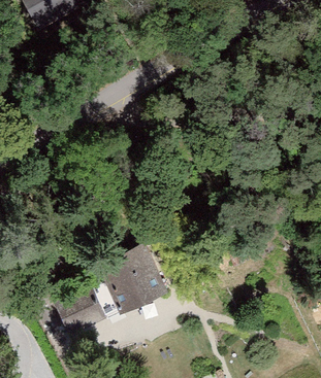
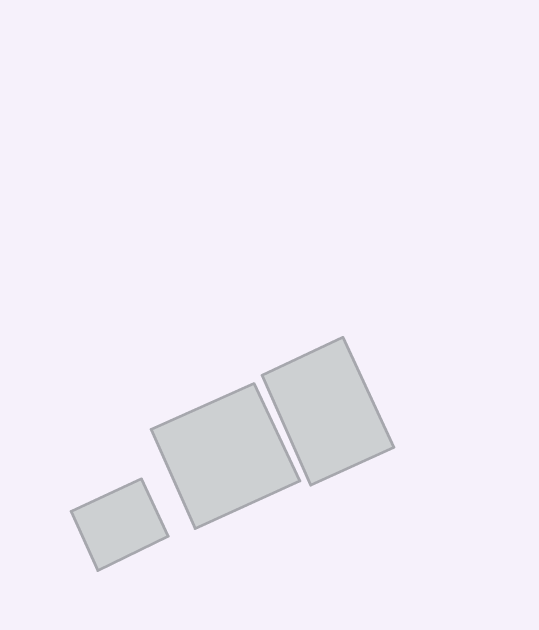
building: none -> [262,337,394,485]

